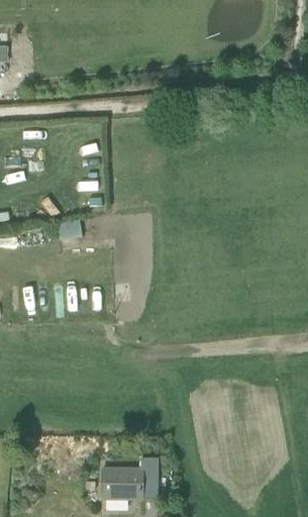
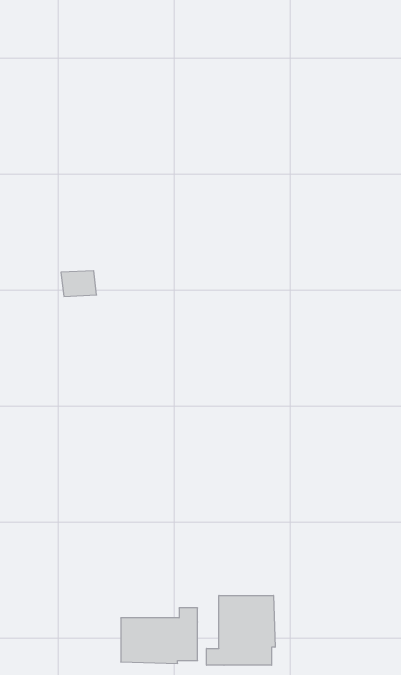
building: none -> [207,595,275,665]

